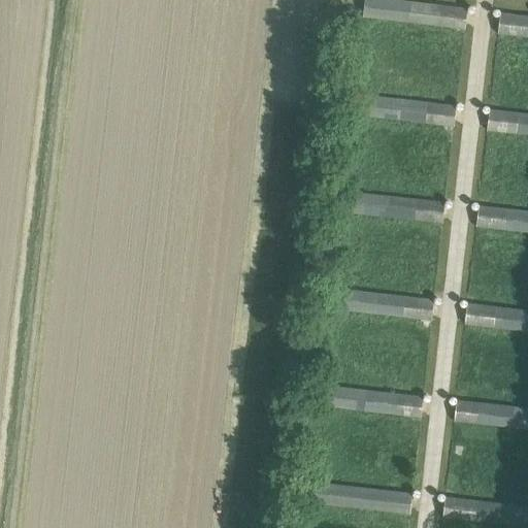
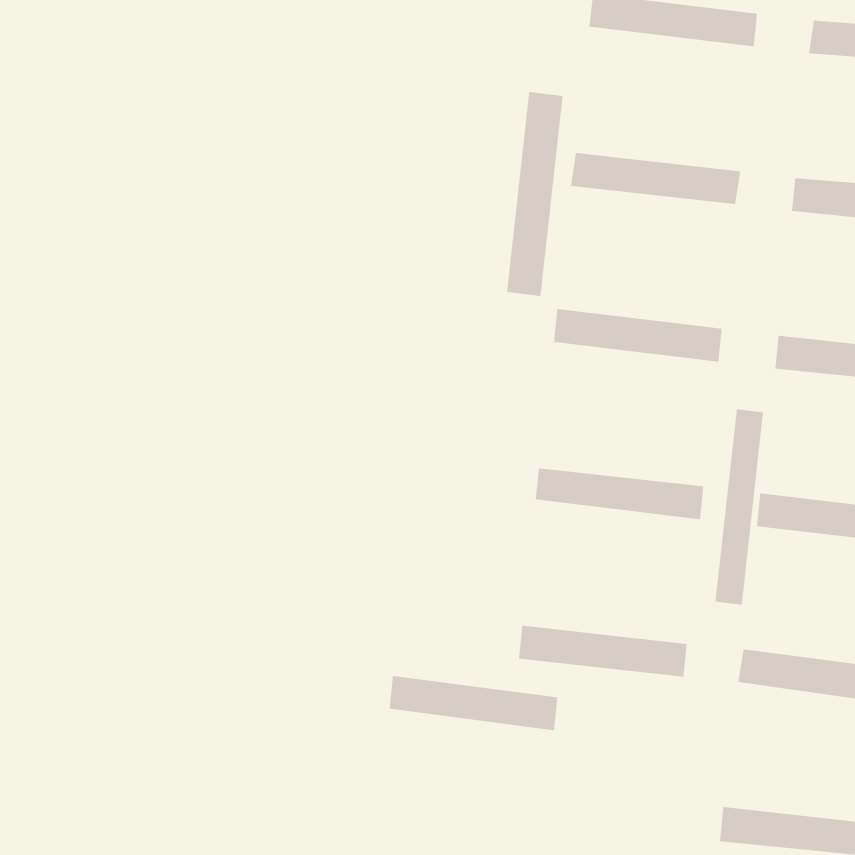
building: none -> [506,91,563,297]
building: none -> [715,408,764,605]
building: [308,480,412,514] -> [389,675,558,731]

